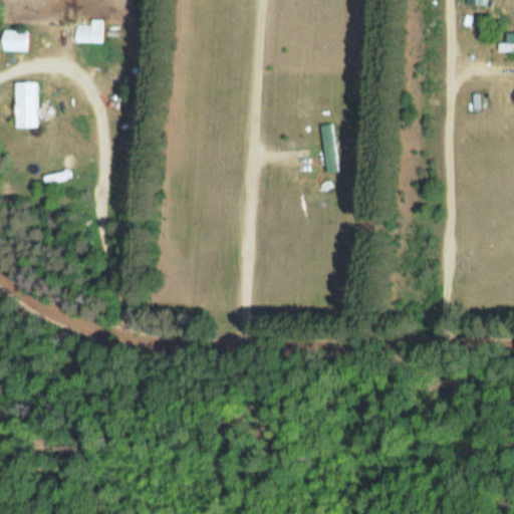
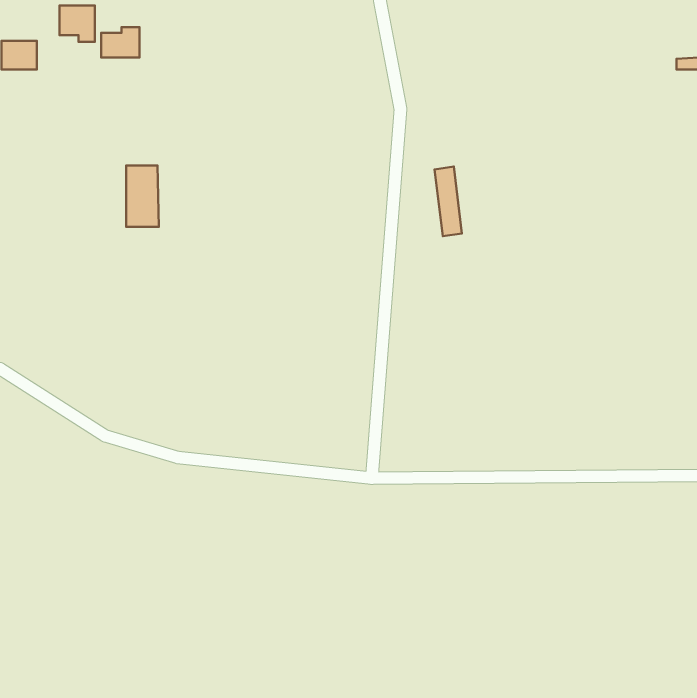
building: none -> [59,6,95,42]
building: [15,82,39,127] -> [126,165,159,227]

